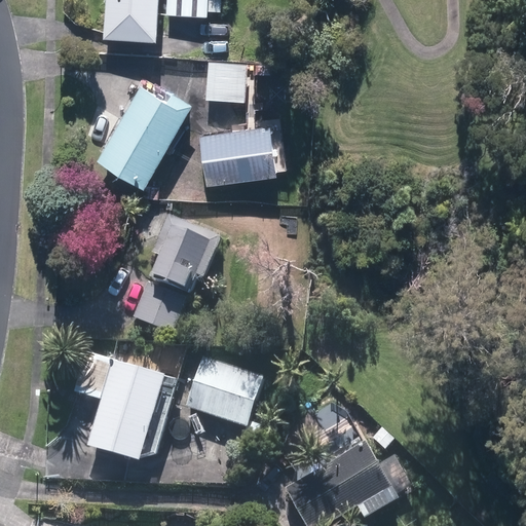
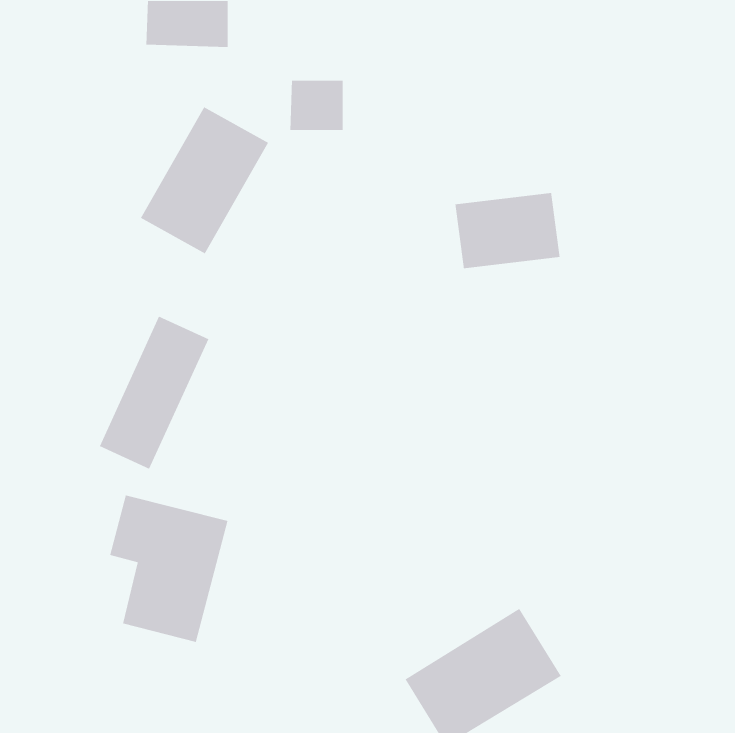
building: [201,125,276,180] -> [454,192,561,269]
building: [135,224,213,333] -> [99,316,209,470]
building: [192,360,264,427] -> none

